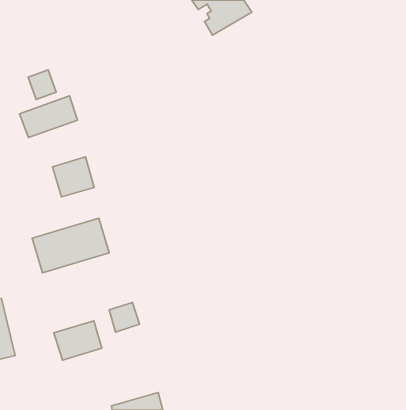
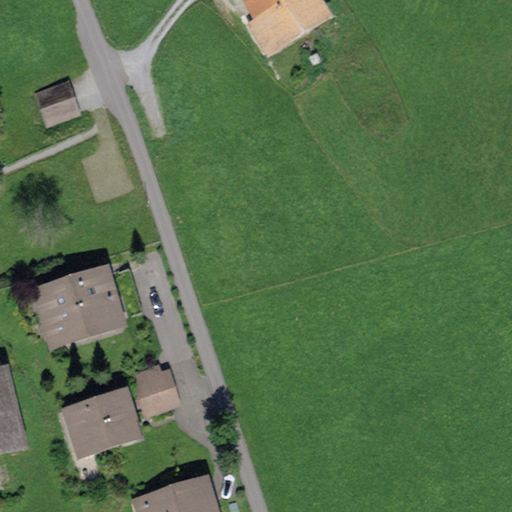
building: [20,96,77,137] -> none
building: [52,157,94,197] -> none

